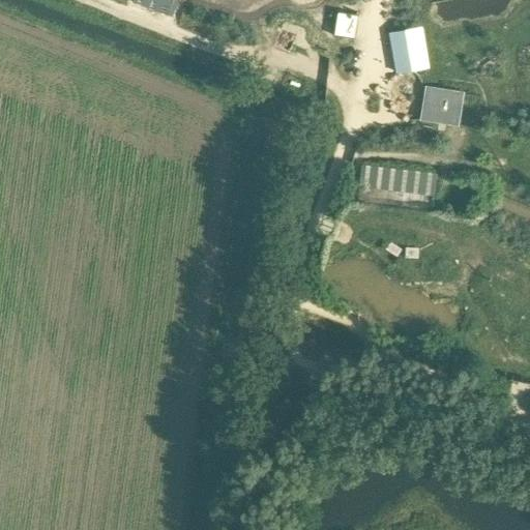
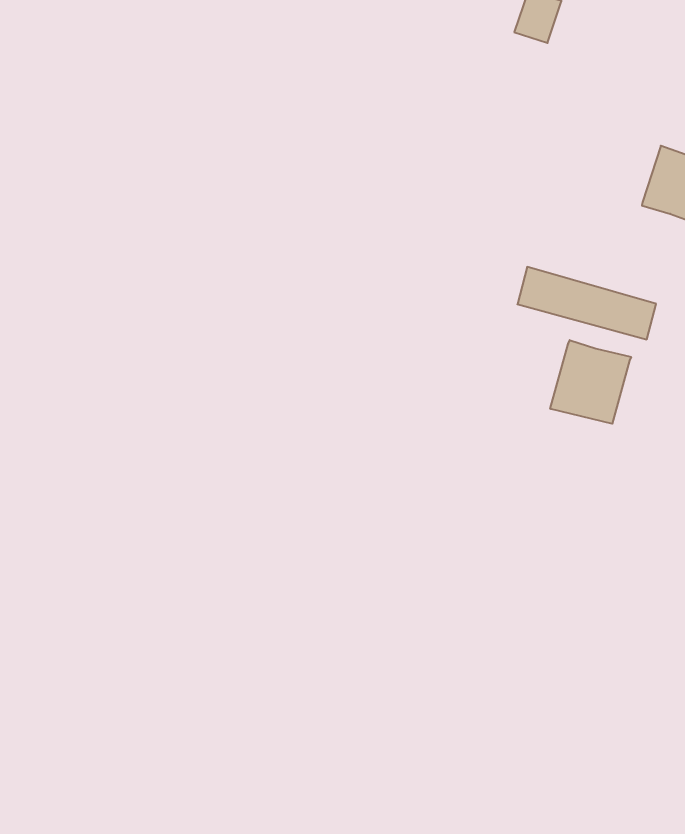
building: [390,27,426,70] -> none
building: none -> [550,340,631,424]

